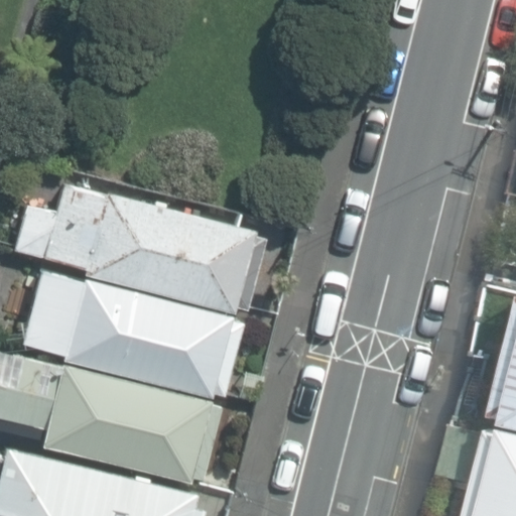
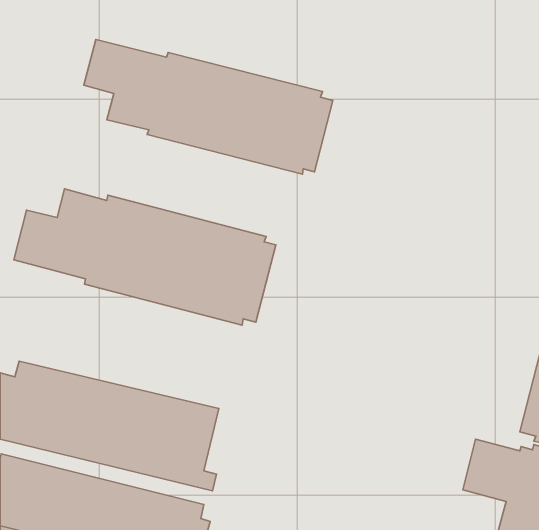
building: none -> [84,39,333,174]
building: [20,274,241,397] -> none

